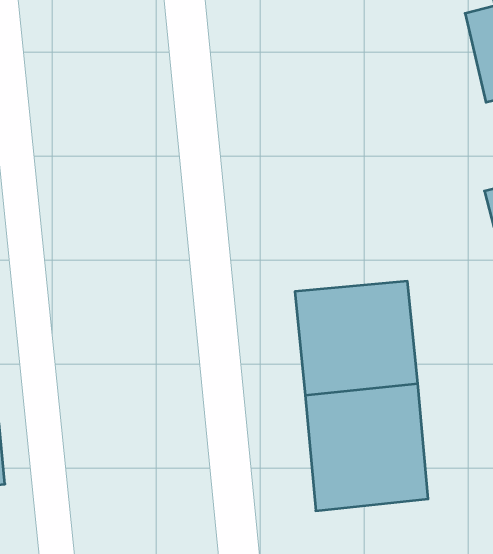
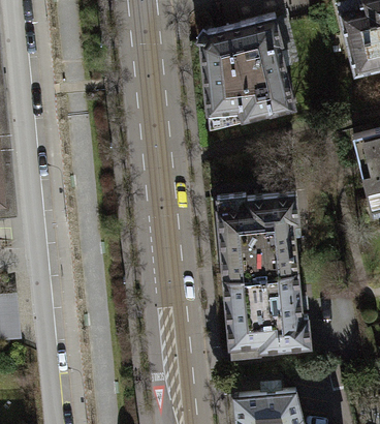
building: none -> [195,22,292,124]

